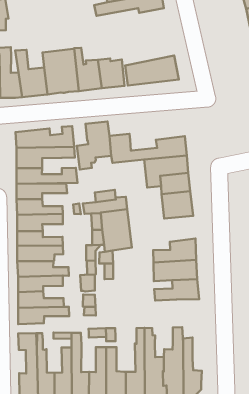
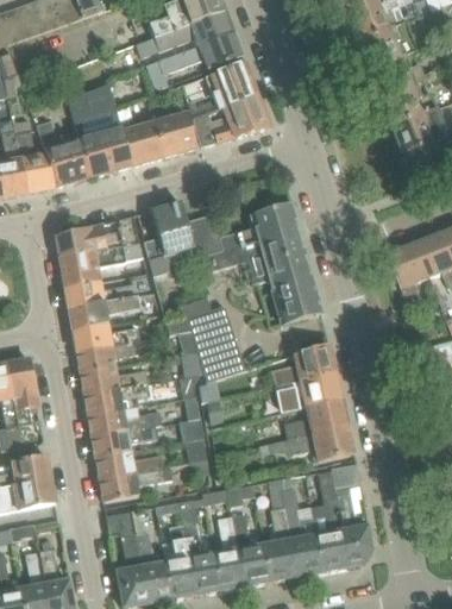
building: none -> [144,31,241,89]
building: none -> [187,61,257,119]
building: none -> [68,83,115,120]
building: none -> [272,426,353,462]

